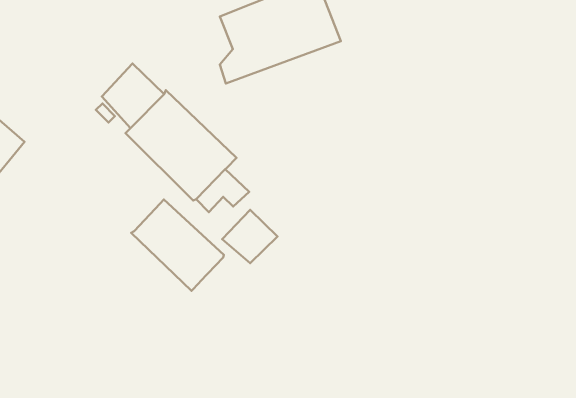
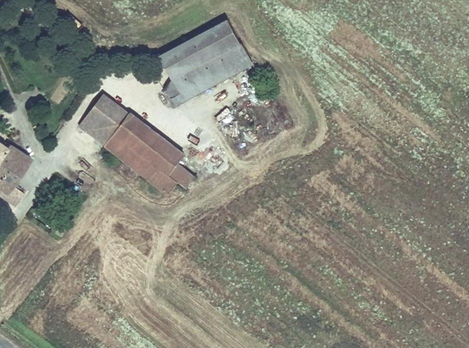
building: [131,199,224,291] -> none
building: [222,210,277,263] -> none

